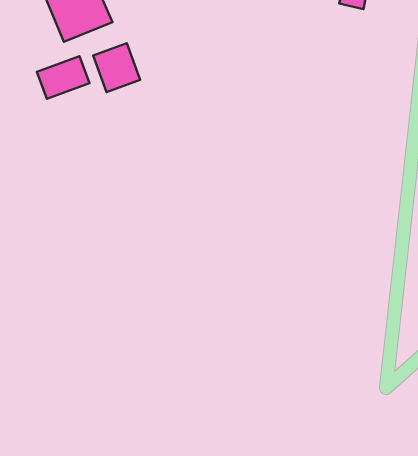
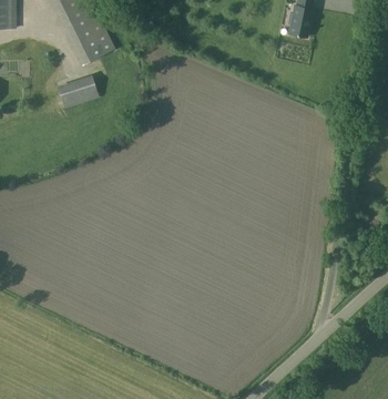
building: [93,43,140,92] -> none

